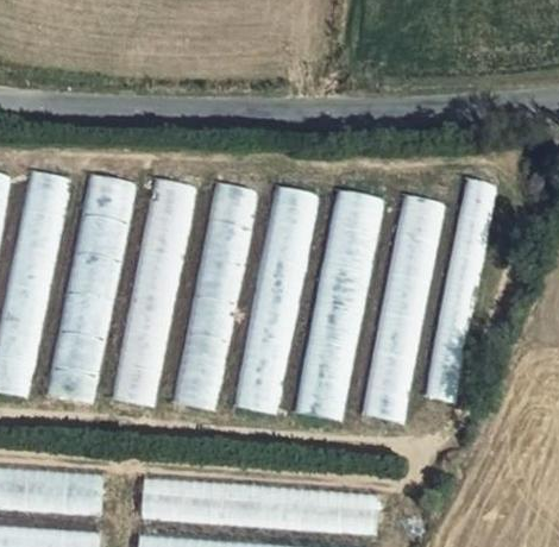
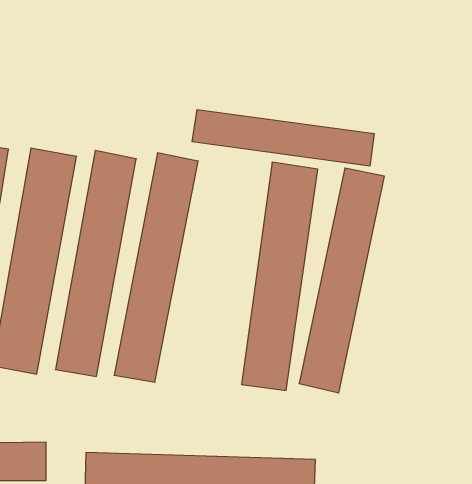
building: none -> [192,110,374,166]
building: [427,180,496,402] -> none
building: [234,186,318,415] -> none

